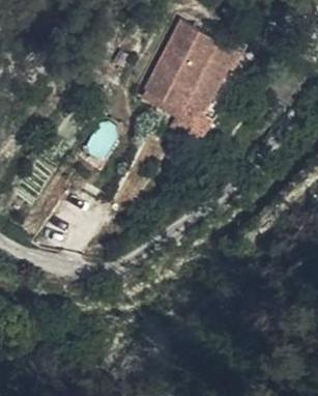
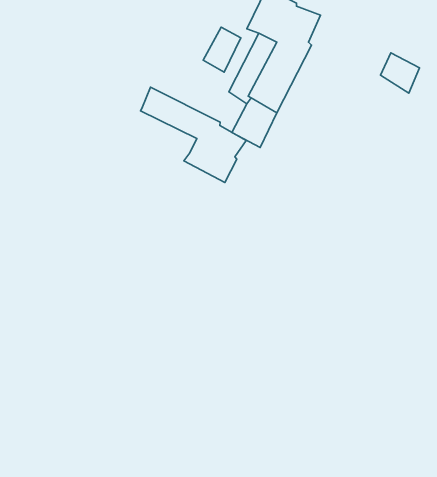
building: none -> [141,87,246,182]

